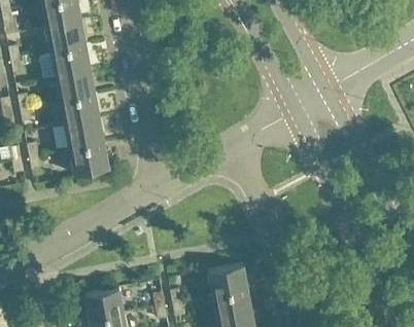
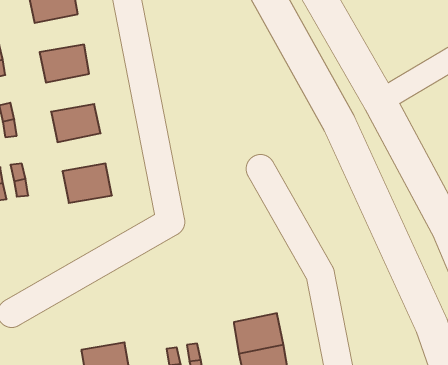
building: [46,24,87,54] -> none
building: [56,72,95,103] -> none
building: [65,120,104,151] -> none

